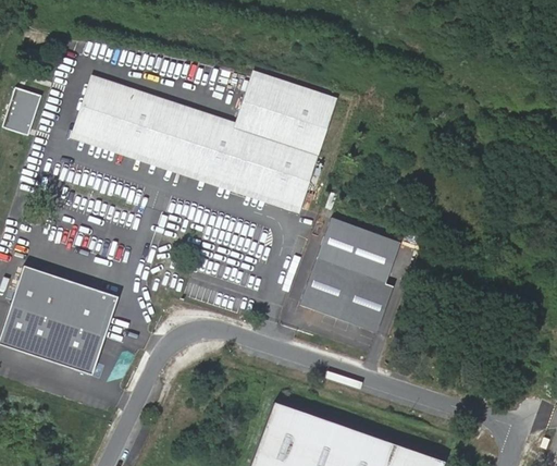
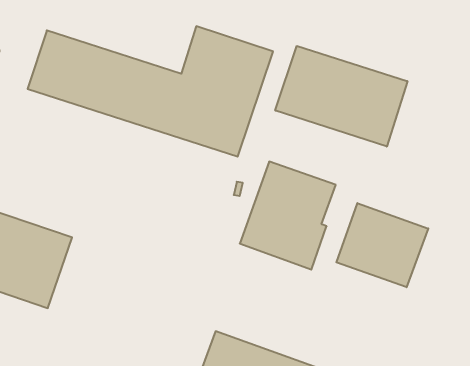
building: none -> [275,46,407,147]
building: none -> [336,203,428,287]

